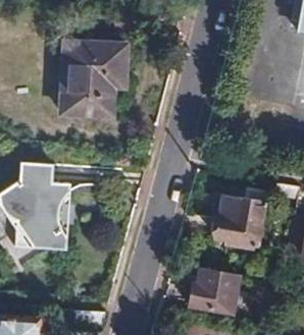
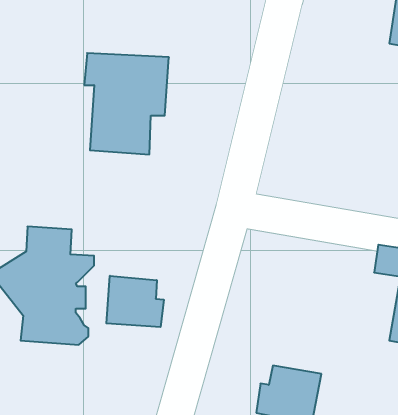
building: [217,189,267,244] -> none
building: none -> [106,276,164,327]

